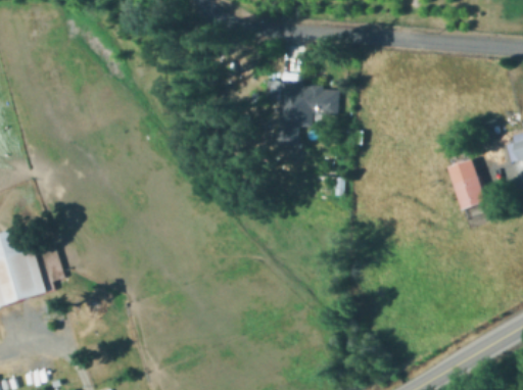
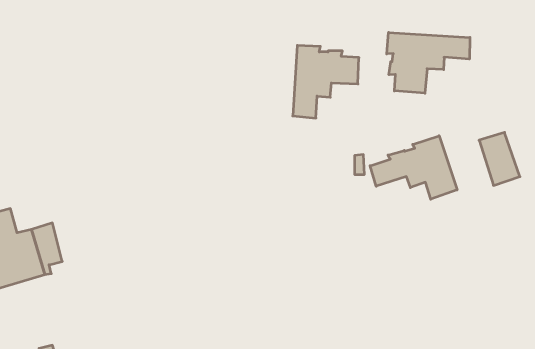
building: none -> [387,32,470,93]
building: none -> [370,136,457,199]

